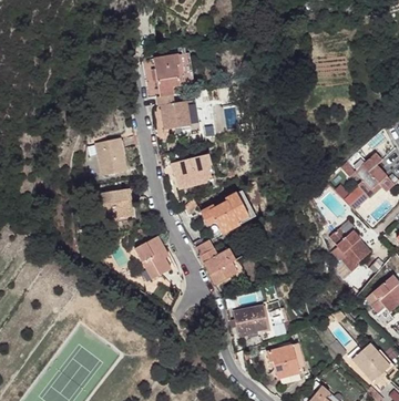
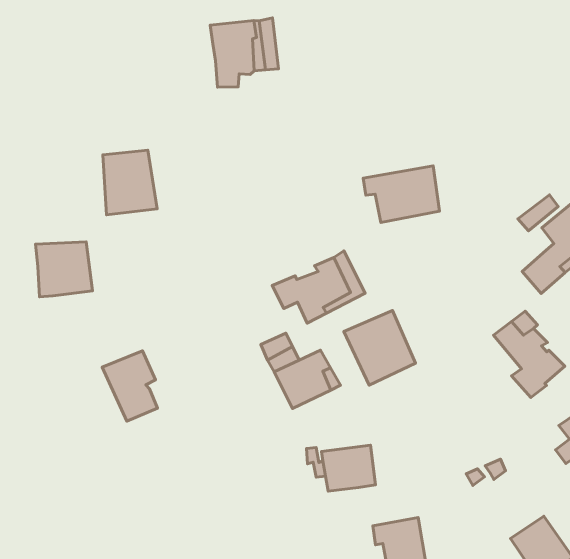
building: [156,97,190,134] -> none
building: [168,152,215,187] -> [363,166,440,222]
building: [99,189,134,224] -> [36,242,92,297]
building: none -> [344,310,416,385]
building: [130,236,164,278] -> [102,351,158,421]

